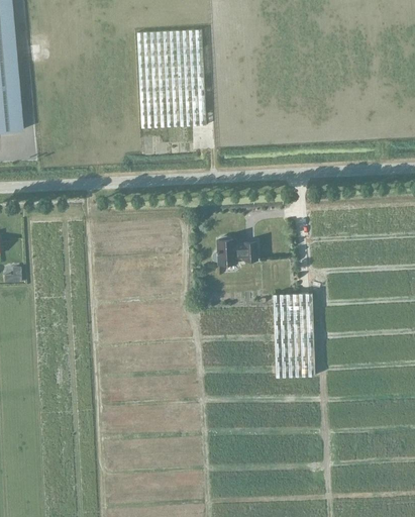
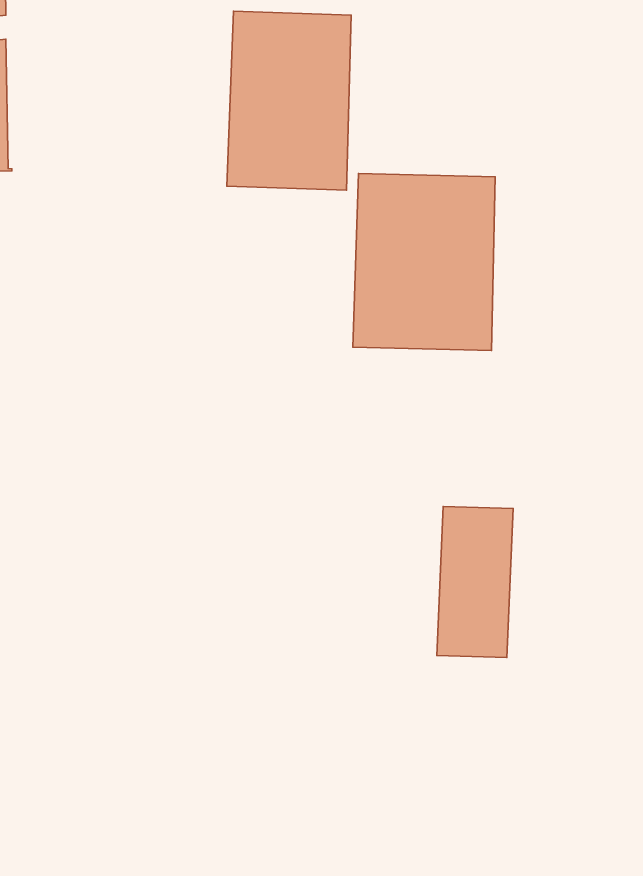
building: none -> [353,174,495,350]
building: [212,236,256,264] -> none

